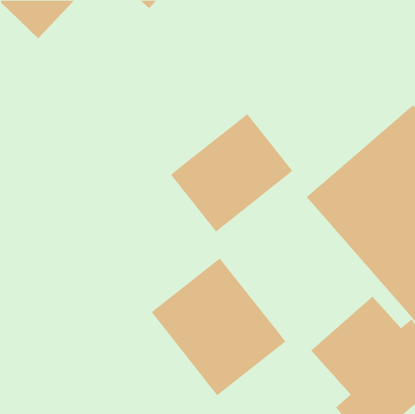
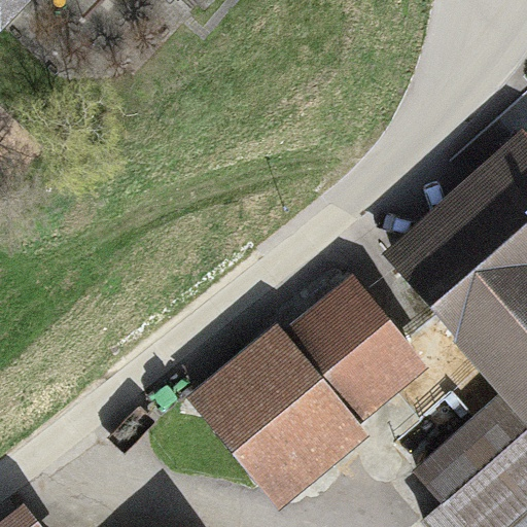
building: [170,113,293,232] -> none
building: none -> [286,286,418,421]

